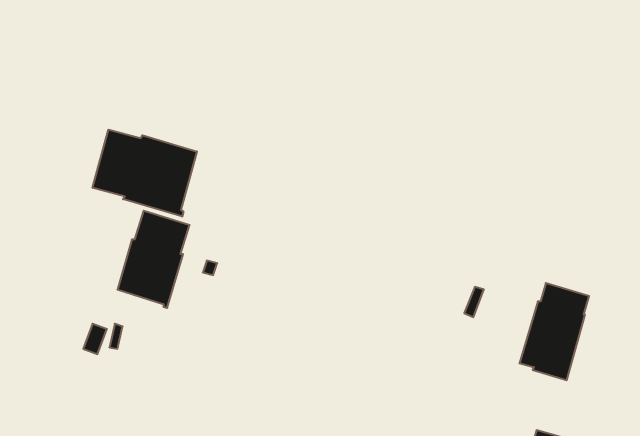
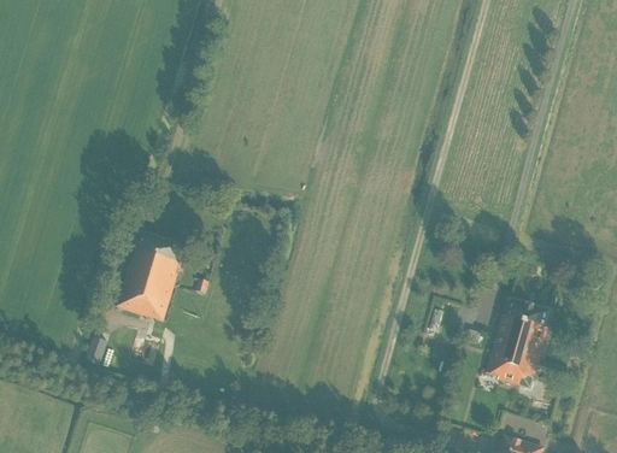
building: [93,130,197,217] -> none

